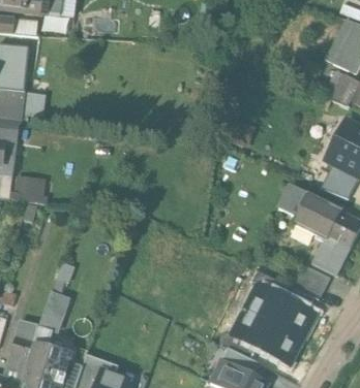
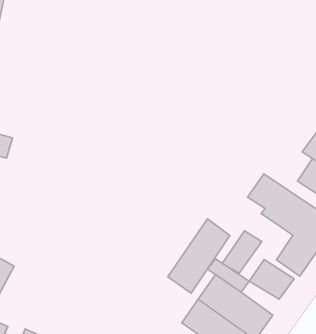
building: none -> [168,219,230,293]
building: none -> [222,231,262,273]

